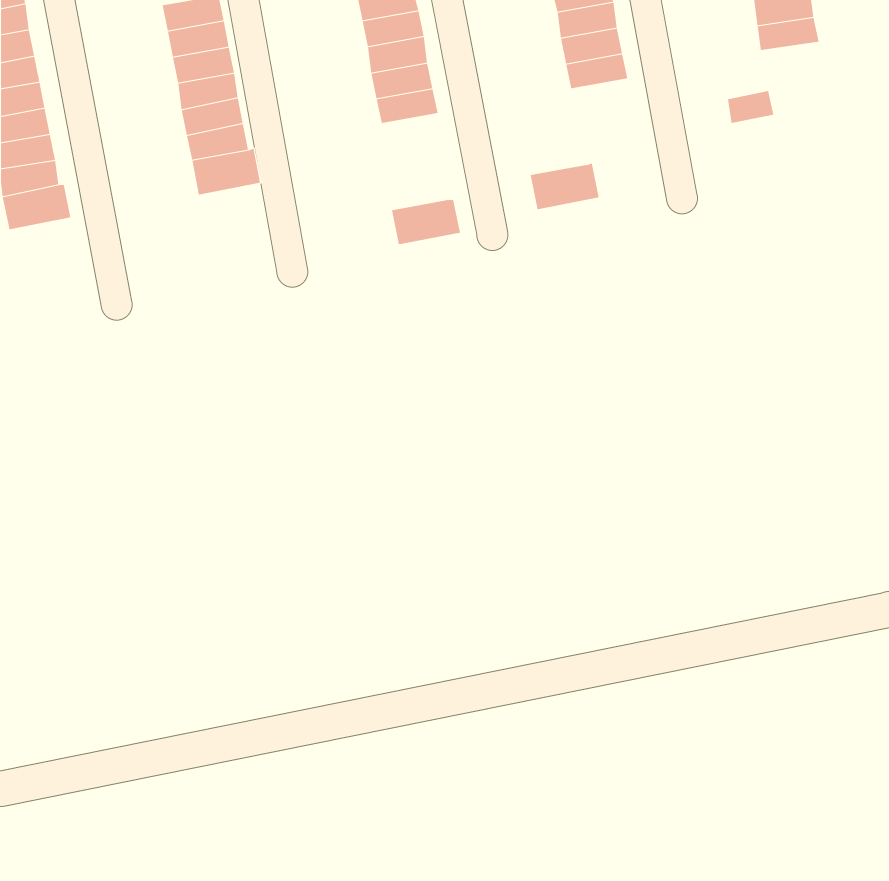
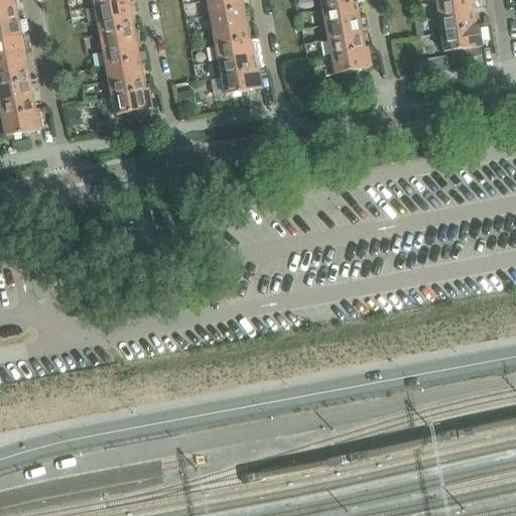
building: none -> [440,24,481,54]
building: [530,163,599,210] -> [331,44,371,72]
building: [391,200,461,245] -> [221,66,261,92]

